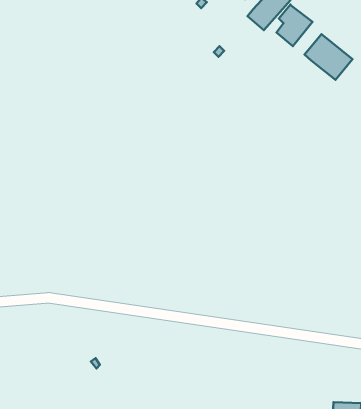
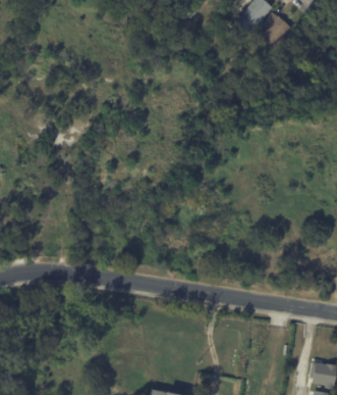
building: [304,34,352,80] -> none

